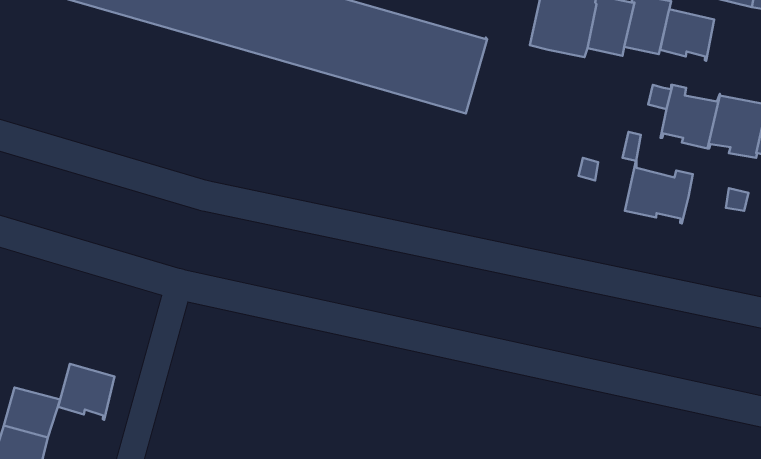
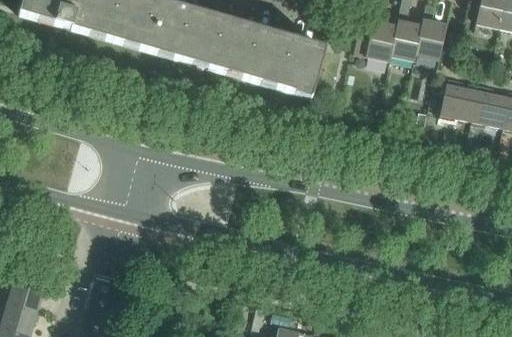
building: [660,9,714,61] -> none
building: [625,160,693,224] -> none
building: [58,364,114,420] -> none

